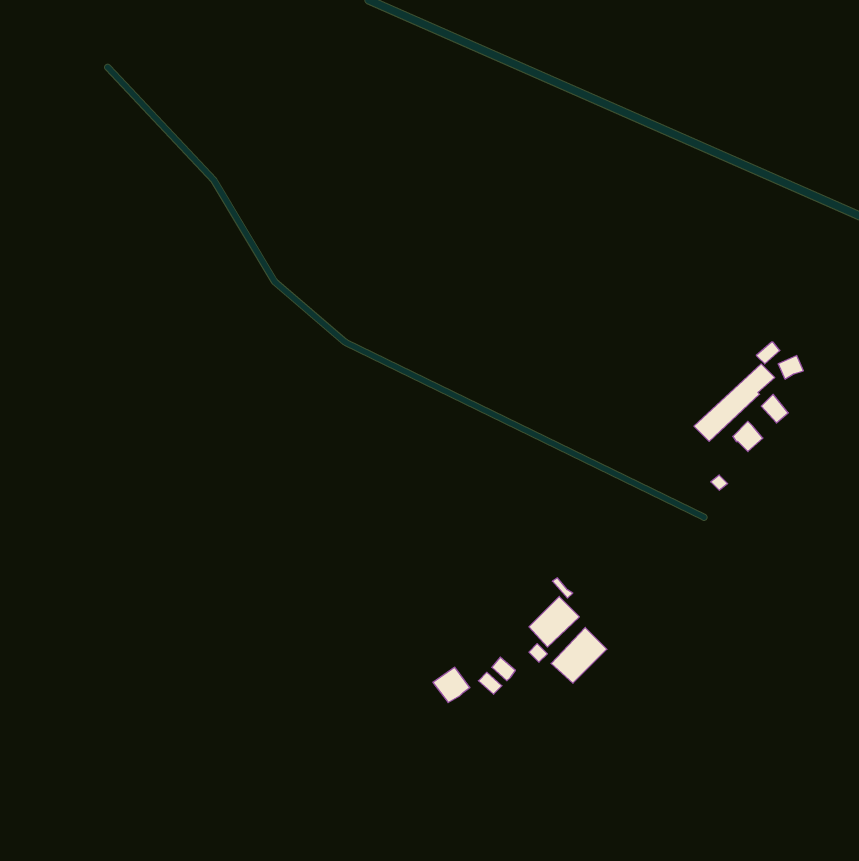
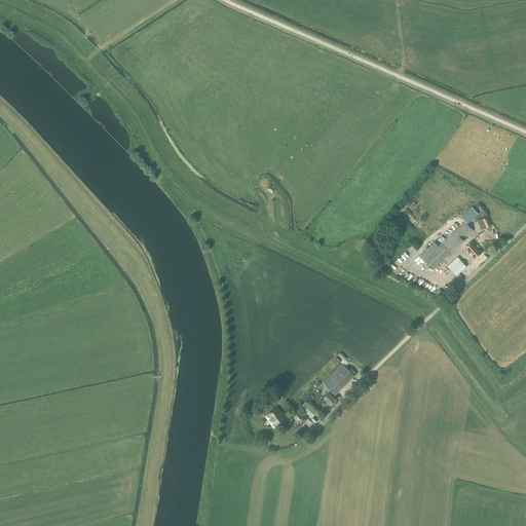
building: [551,627,607,683] -> none

